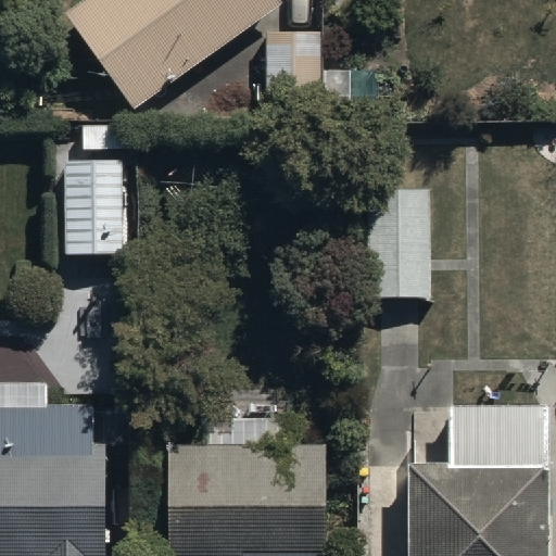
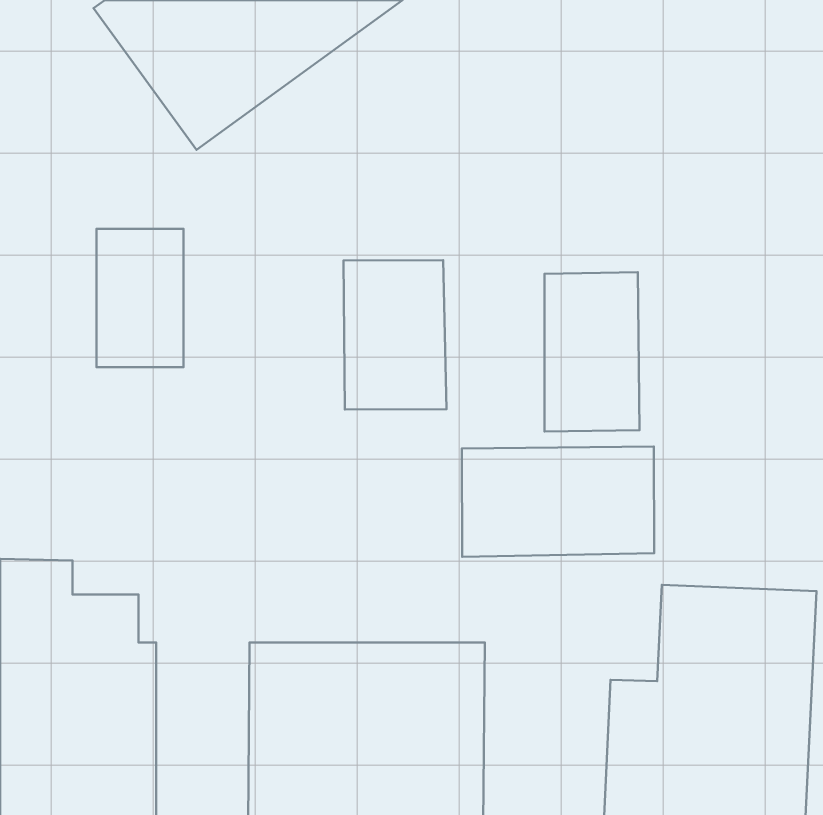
building: none -> [343,260,447,410]
building: none -> [462,446,654,557]

